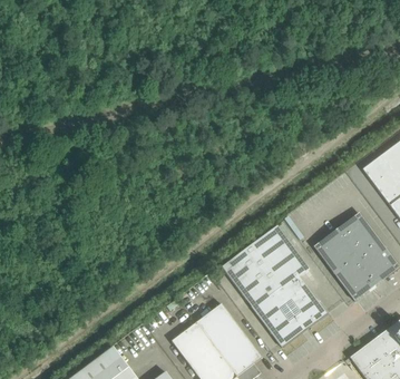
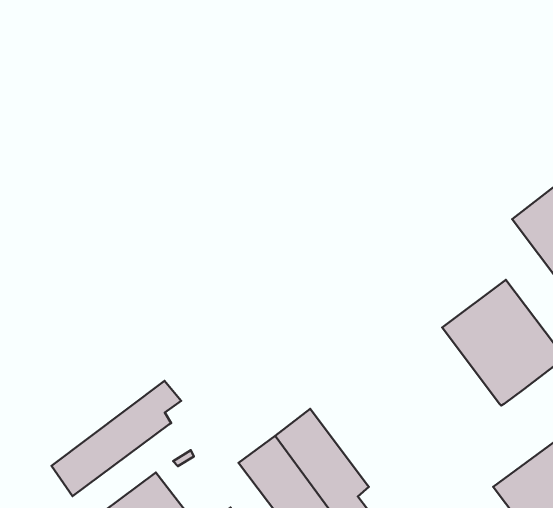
building: [222,224,326,347] -> none
building: none -> [51,381,181,496]

